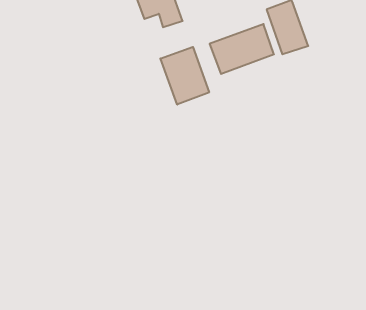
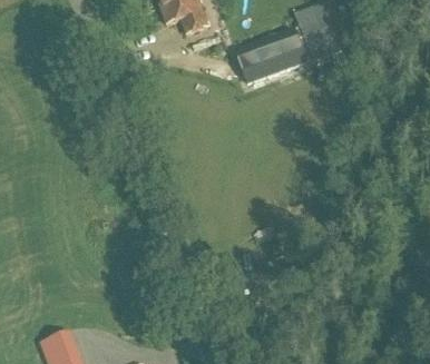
building: [160,47,209,105] -> none

